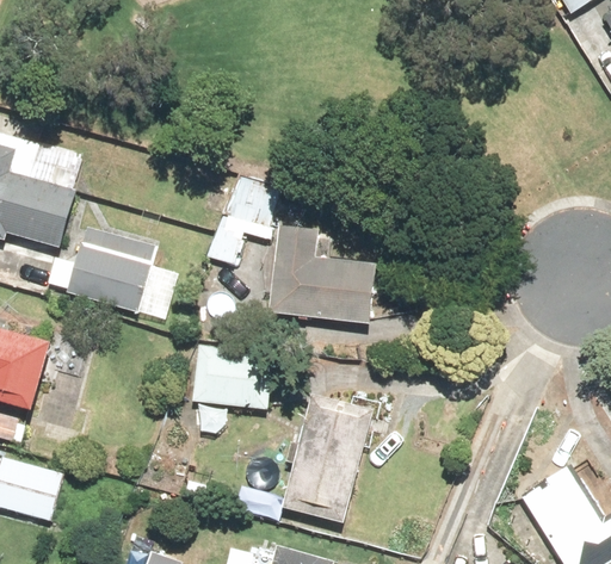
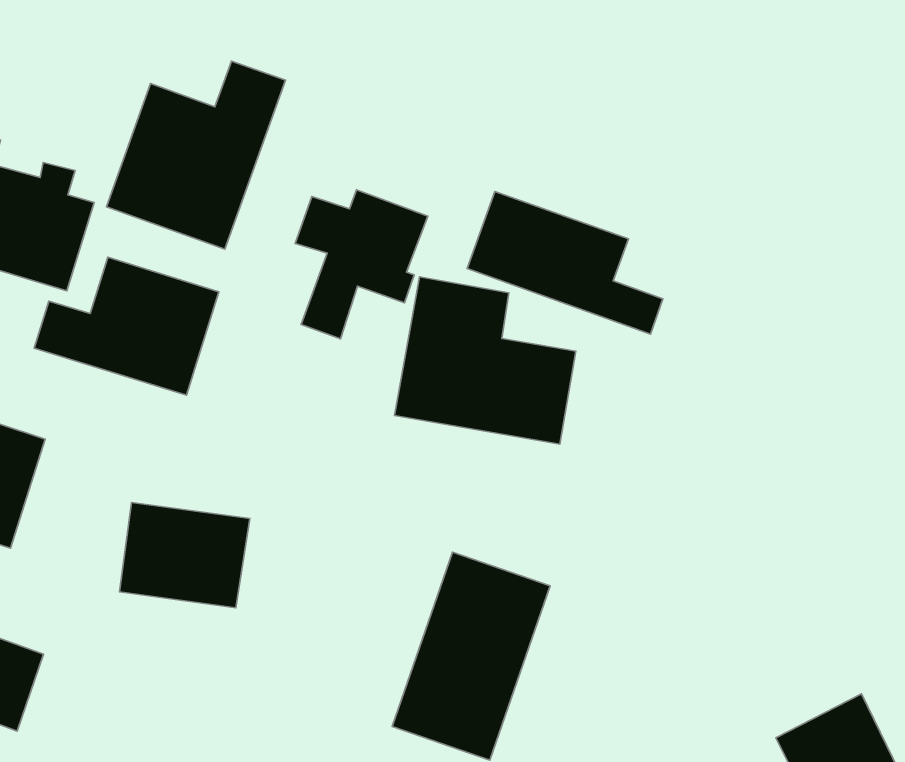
building: none -> [107,61,286,249]
building: none -> [467,191,663,334]
building: [193,346,271,407] -> [120,502,250,608]

